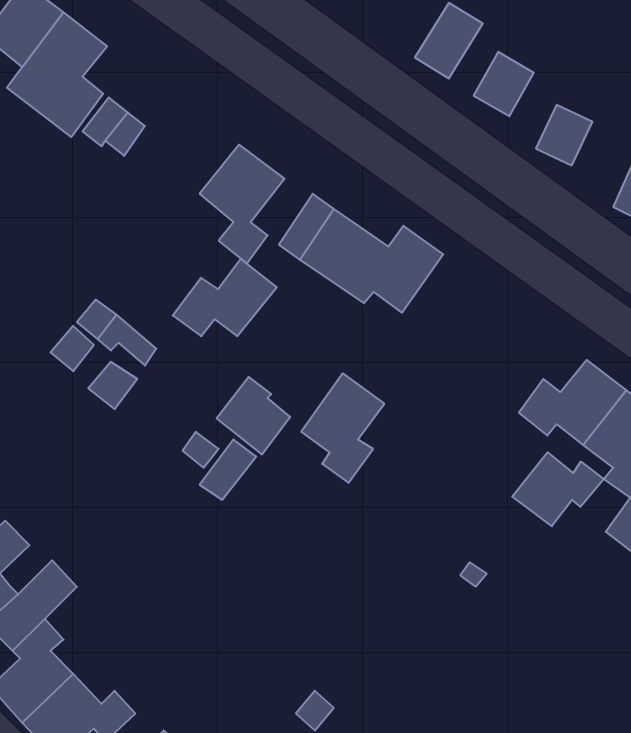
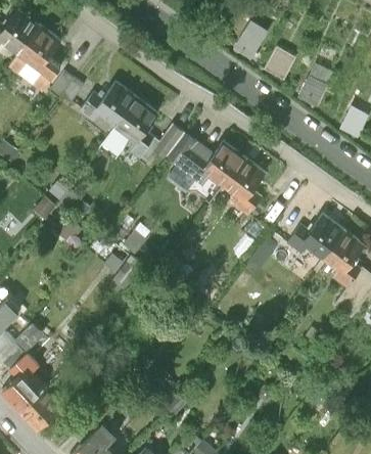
building: [173,259,277,336] -> [79,82,135,124]
building: [301,373,384,483] -> [223,156,268,216]
building: [512,452,604,526] -> none

